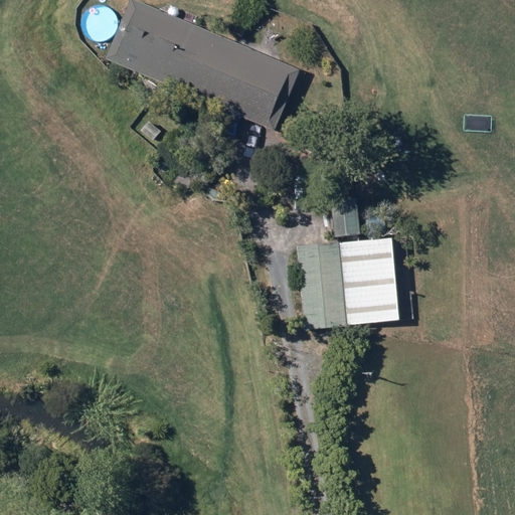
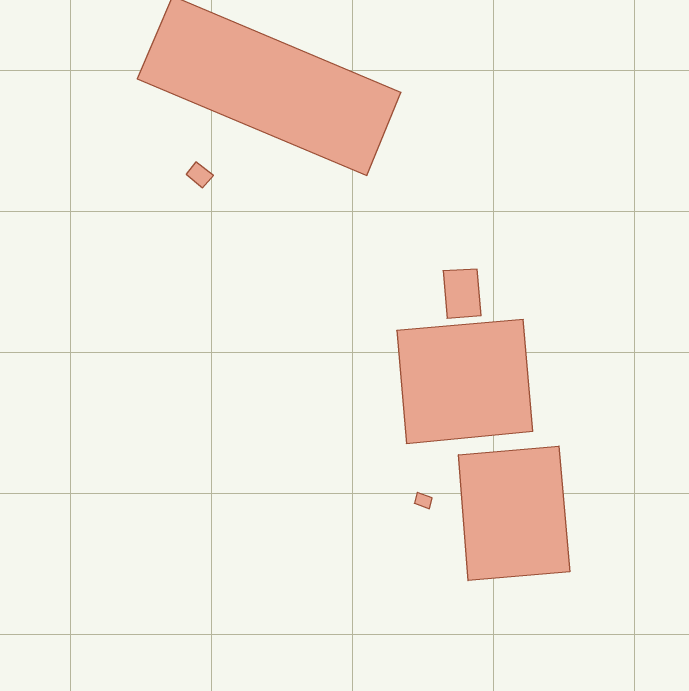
building: none -> [459,446,570,581]

